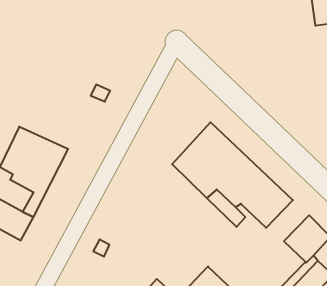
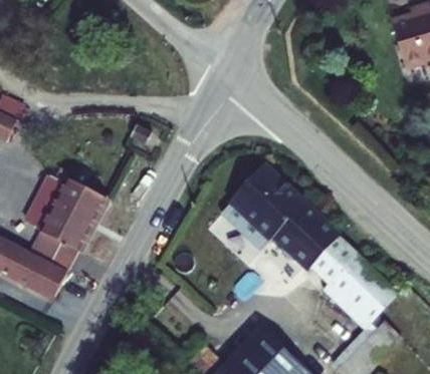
building: none -> [324,254,376,307]

